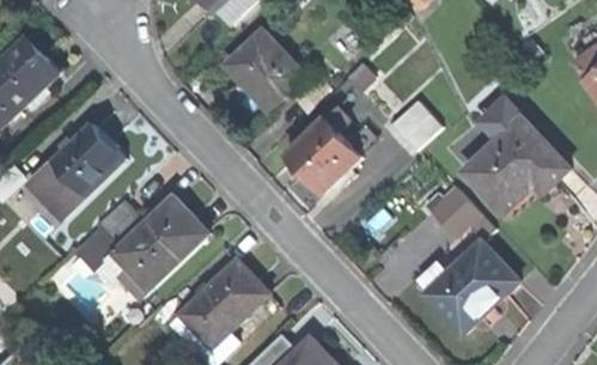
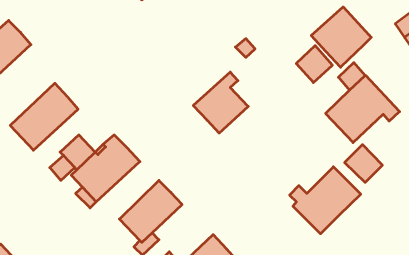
building: none -> [311,7,371,67]
building: [221,31,300,110] -> none
building: [386,98,437,150] -> [296,46,332,83]
building: [425,182,477,235] -> [345,145,382,182]

